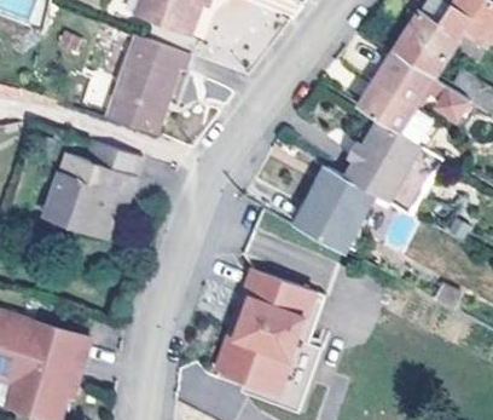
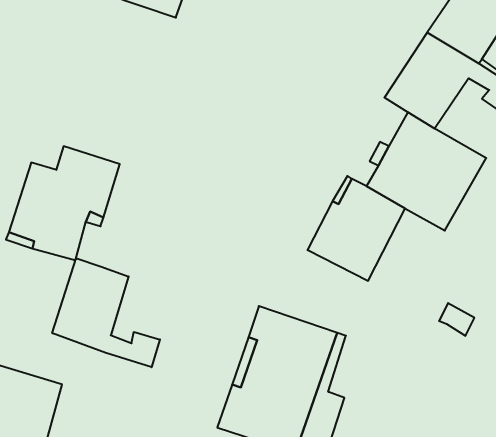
building: [104,35,186,134] -> none
building: none -> [52,258,160,367]

